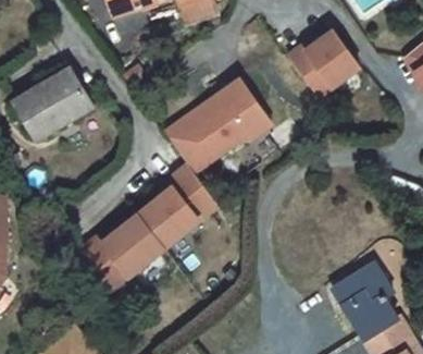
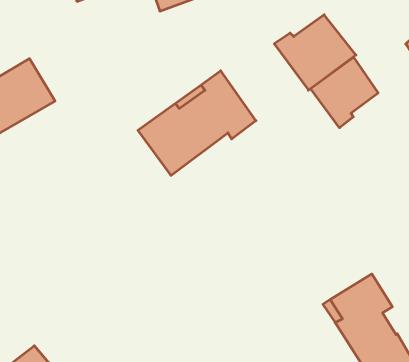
building: none -> [311,57,378,128]
building: [75,166,219,294] -> none

